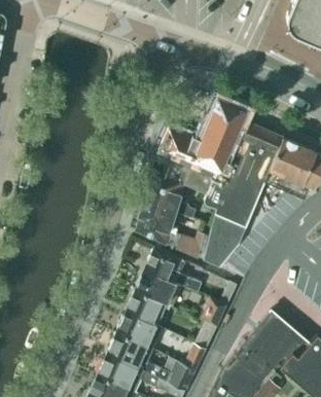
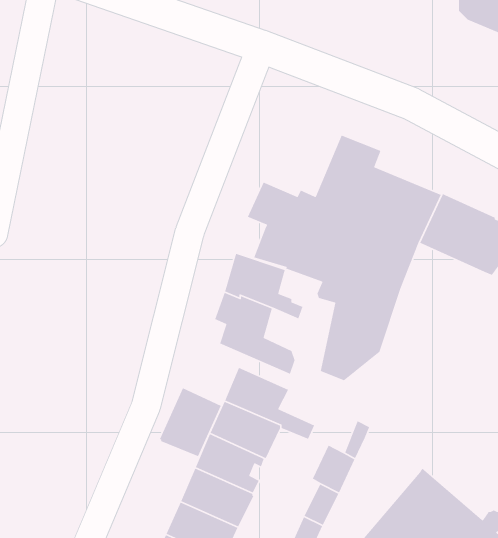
building: none -> [159,387,222,457]

